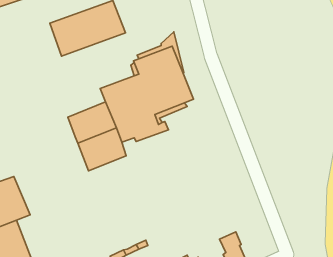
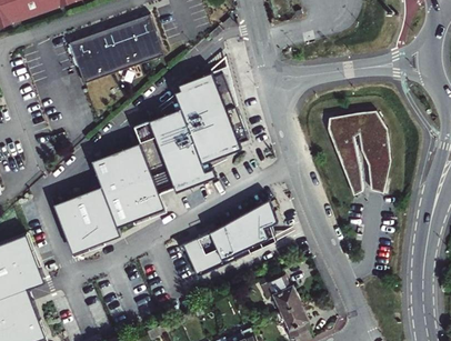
building: none -> [327,112,390,195]
building: none -> [53,184,120,253]
building: none -> [182,198,278,275]
building: none -> [257,270,300,311]

